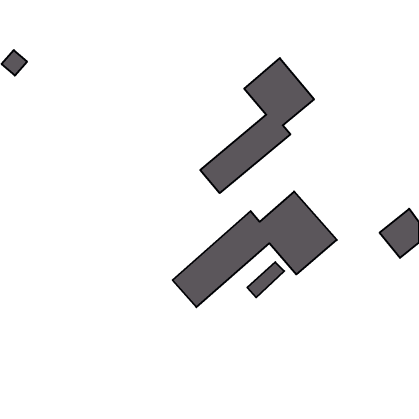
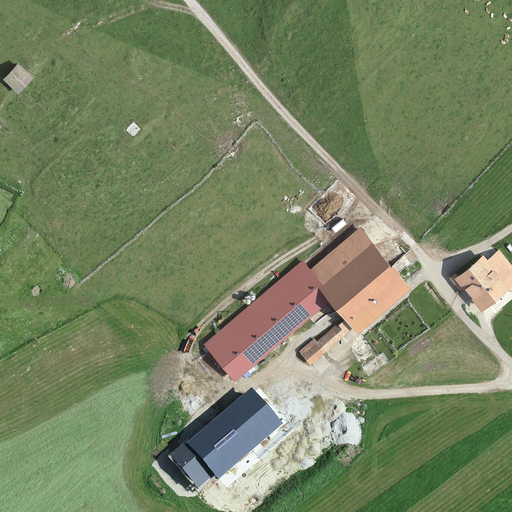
building: [200,58,314,193] -> none
building: none -> [175,391,278,481]

